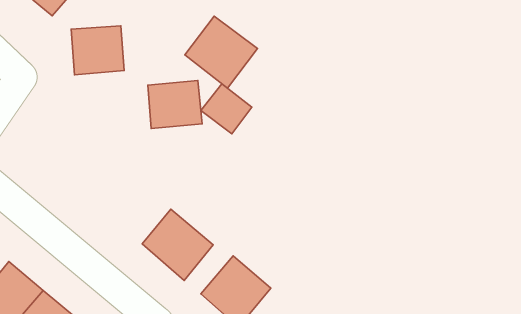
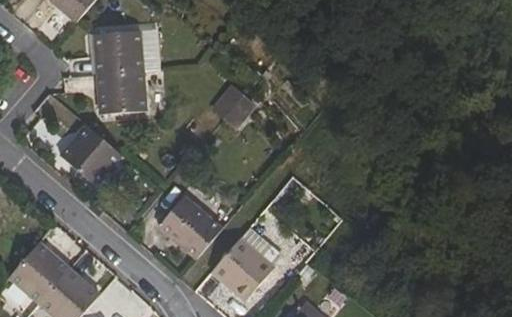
building: [185,16,257,88] -> none
building: [148,81,202,128] -> [97,70,146,113]
building: none -> [60,123,123,184]

